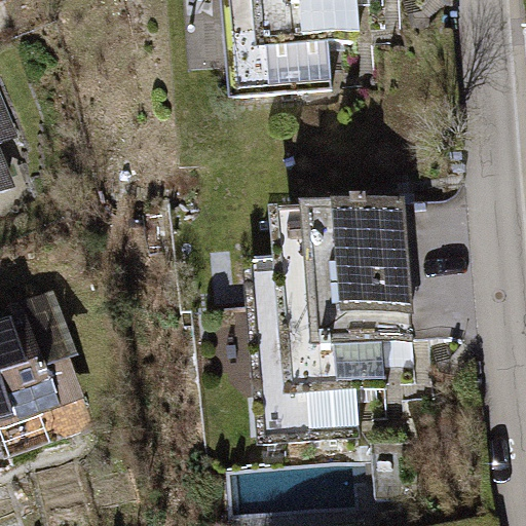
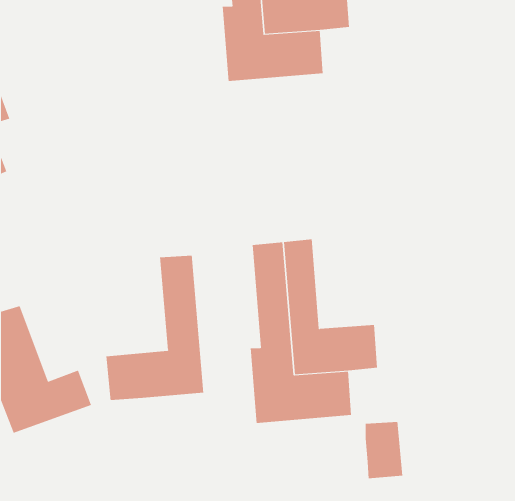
building: [314,192,413,335] -> none
building: none -> [106,255,204,401]

